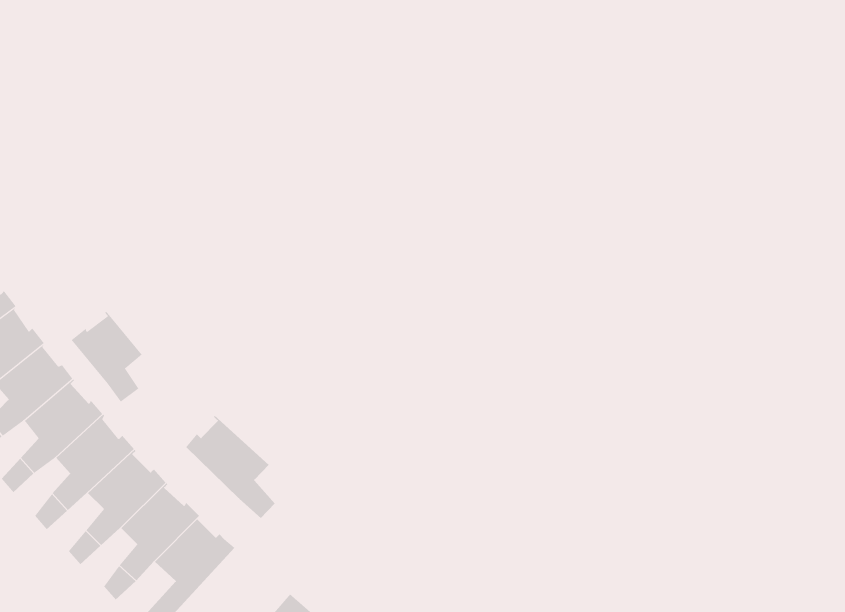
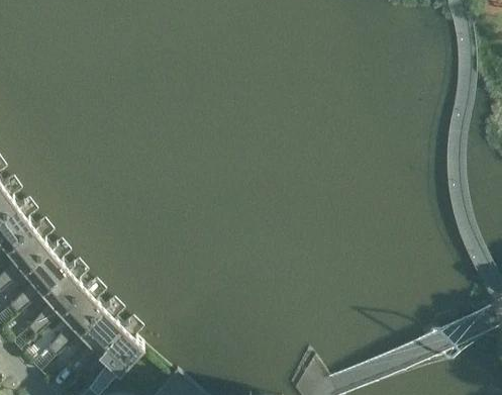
building: [71,311,142,402] -> none
building: [186,415,276,519] -> none

